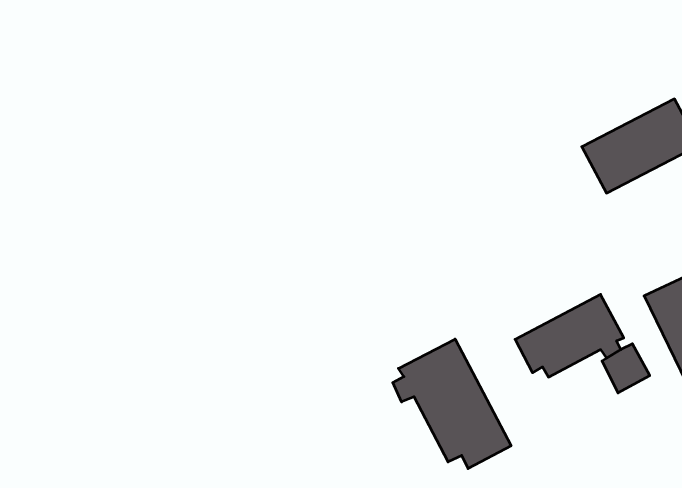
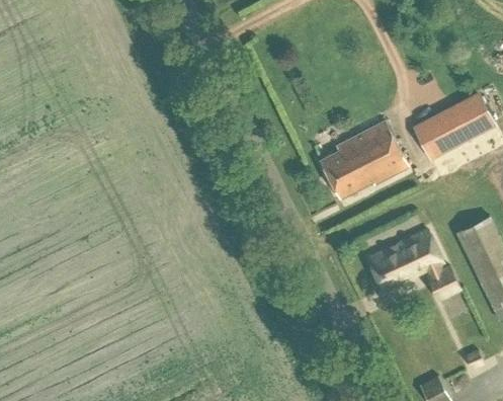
building: none -> [317,122,407,198]
building: [393,339,511,469] -> none

